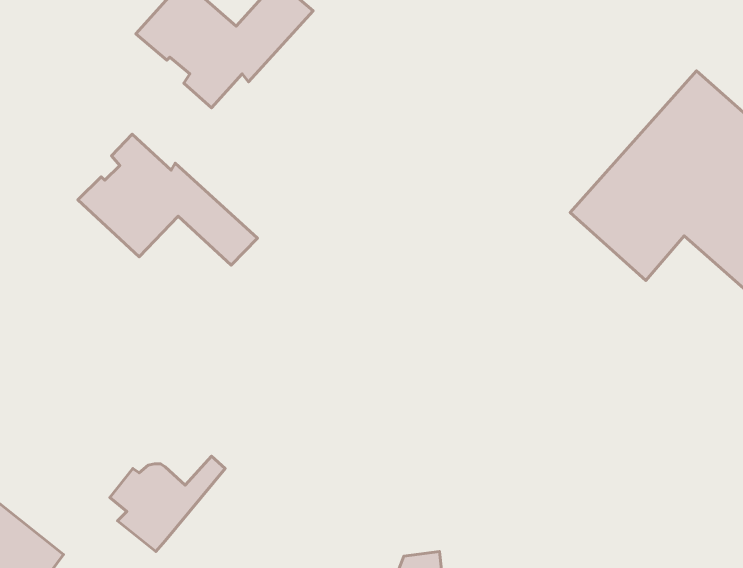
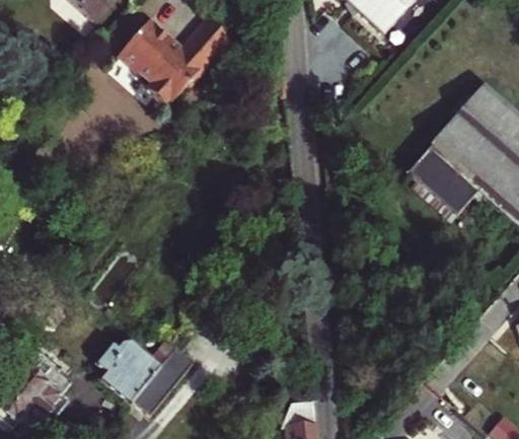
building: [78,134,258,265] -> none
building: none -> [136,343,192,404]

